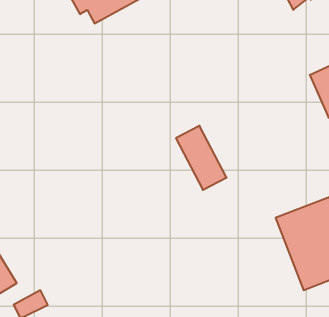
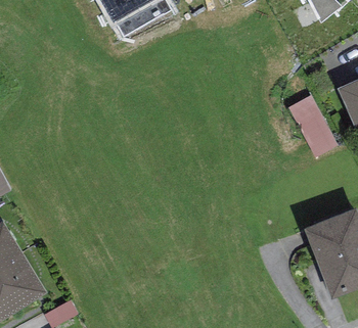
building: [176,126,227,190] -> [287,94,338,157]

